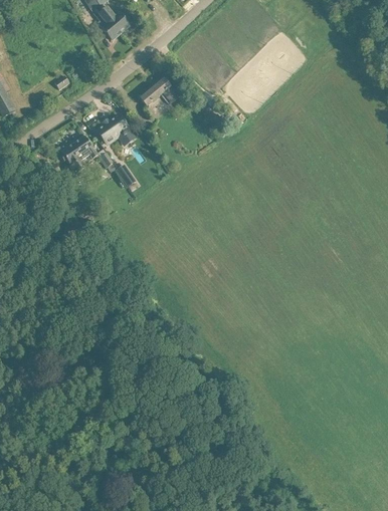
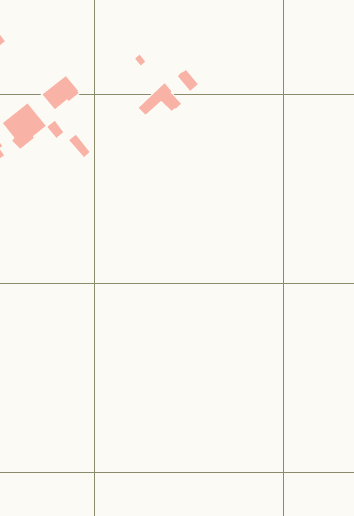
building: [142,79,179,106] -> [138,82,182,116]

